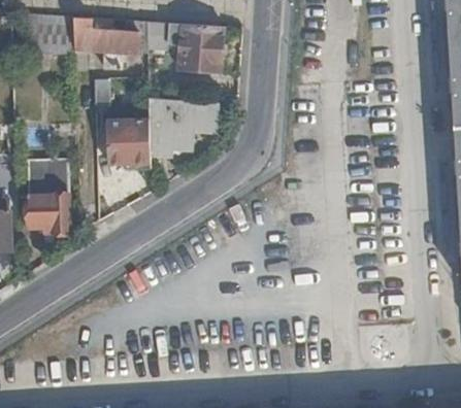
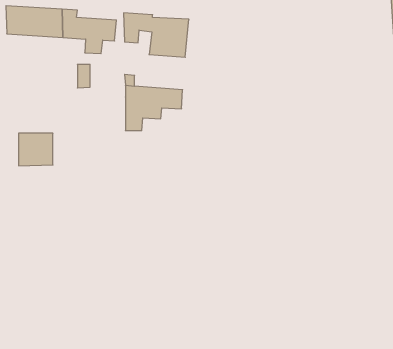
building: [106,120,147,165] -> none
building: [26,197,67,234] -> none

